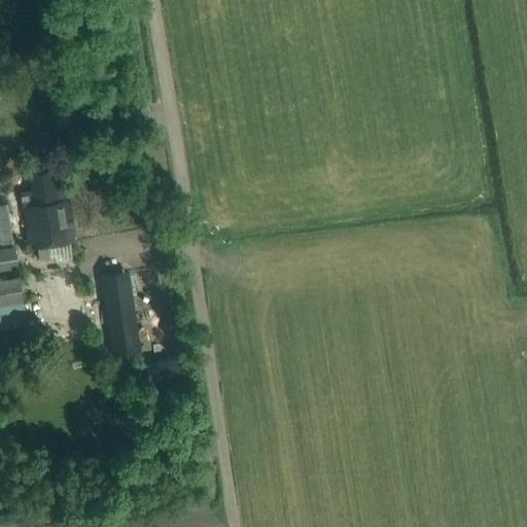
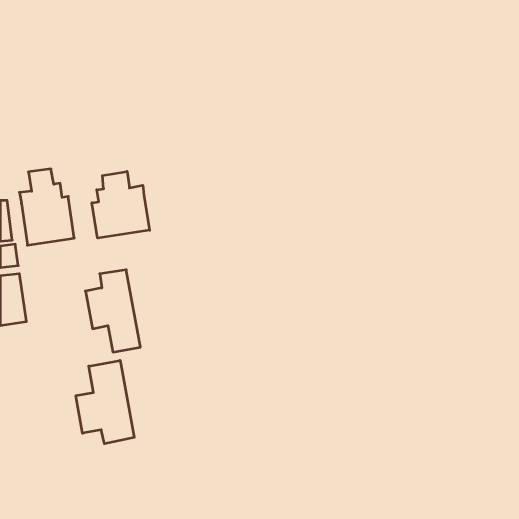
building: none -> [92,171,150,238]
building: none -> [76,360,134,444]

